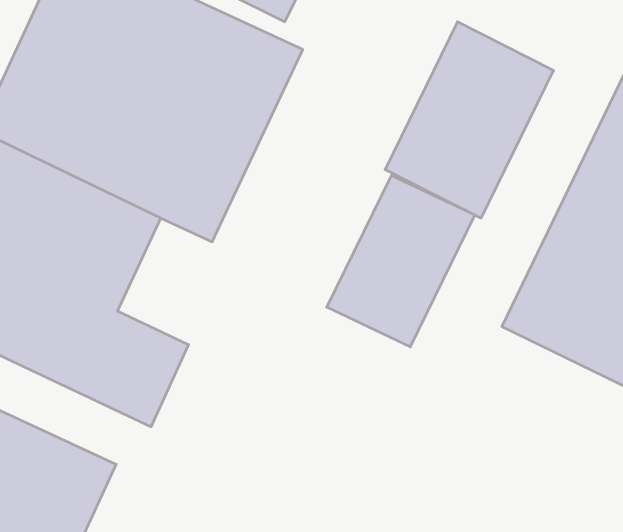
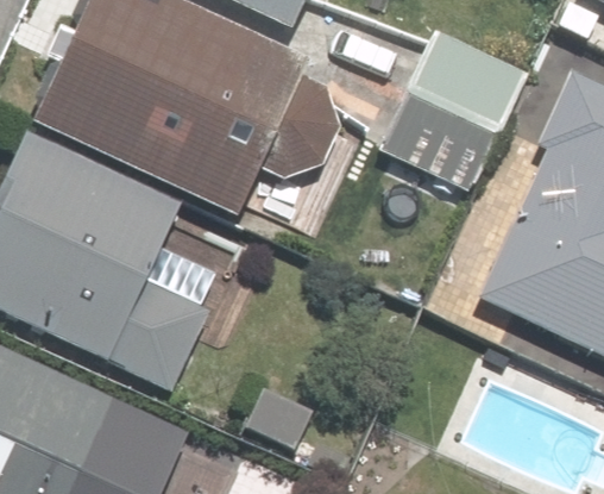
building: [327,175,475,347] -> none

